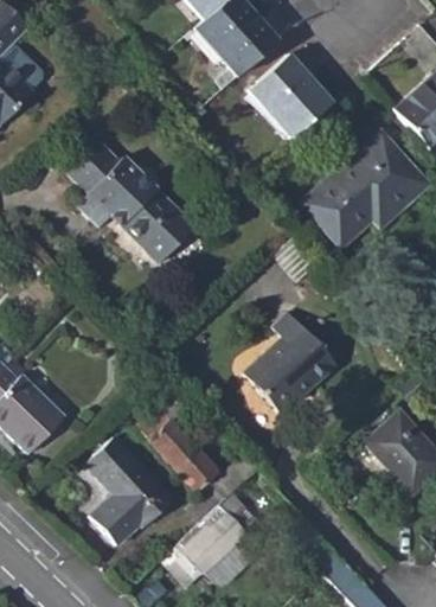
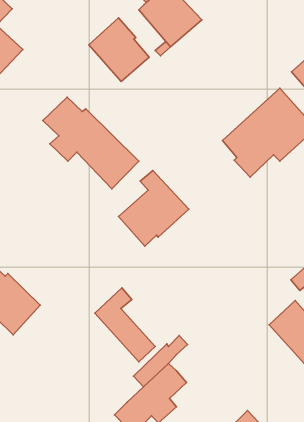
building: [249,53,328,138] -> [89,18,149,82]
building: [244,313,336,413] -> [119,170,189,246]
building: [84,437,171,547] -> none

